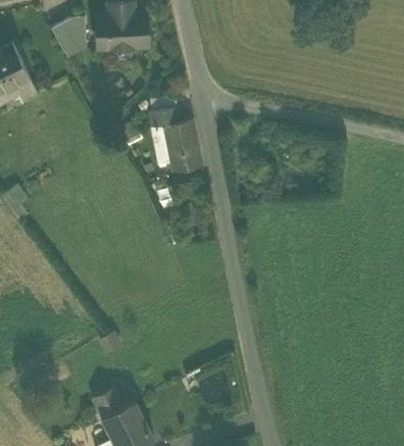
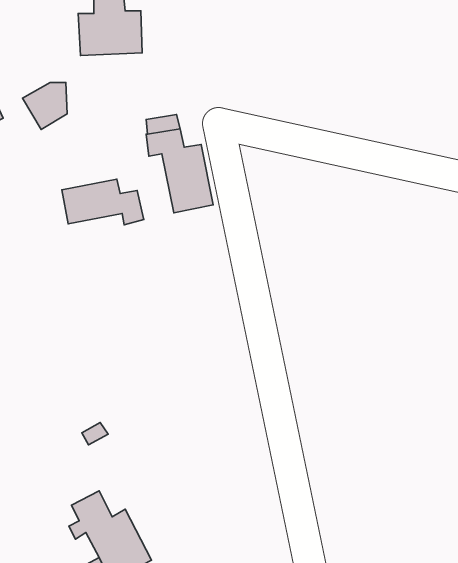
building: [51,17,86,54] -> [23,82,67,130]
building: none -> [62,179,144,225]

